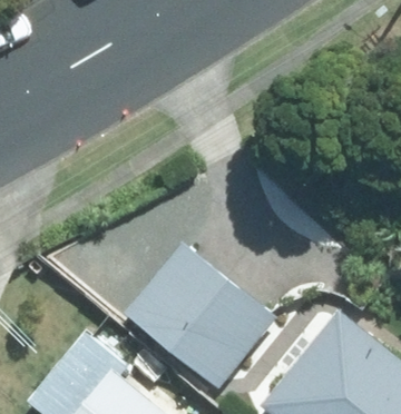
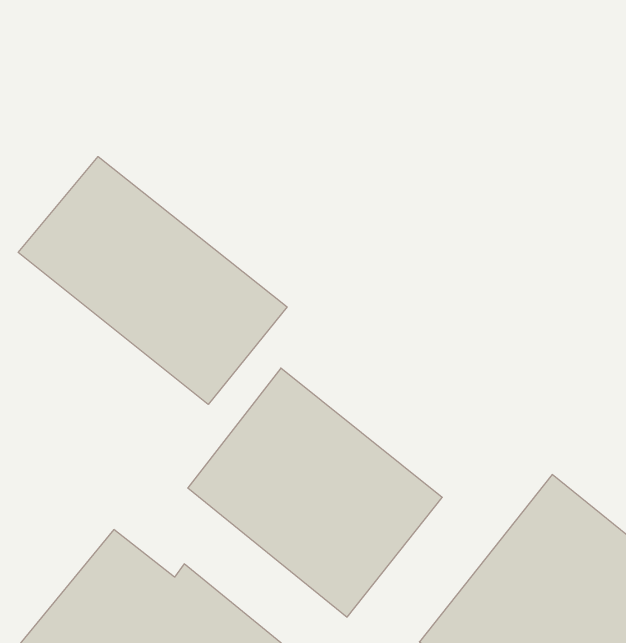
building: none -> [18,157,287,404]

